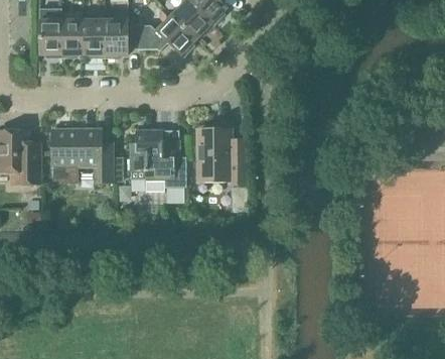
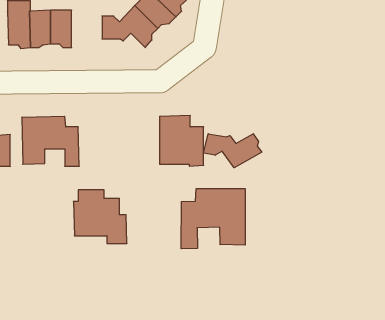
building: [105,18,137,57] -> none
building: [129,130,185,187] -> [73,190,127,243]
building: none -> [204,134,262,168]
building: none -> [181,189,245,249]

